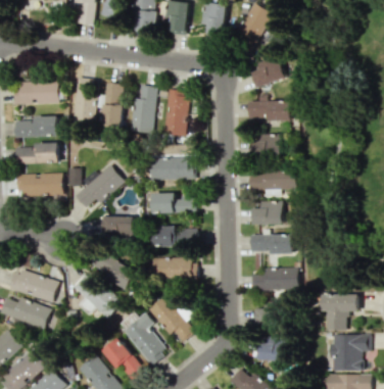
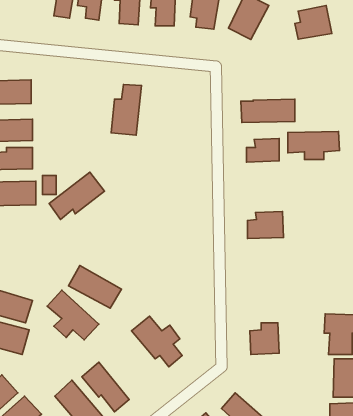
building: [253,55,287,86] -> [295,5,332,39]
building: [73,81,95,126] -> none
building: [103,83,124,126] -> none
building: [164,90,188,136] -> none
building: [149,157,189,182] -> none
building: [249,172,296,197] -> [288,132,340,160]
building: [152,193,196,213] -> none
building: [102,215,132,235] -> none
building: [156,228,196,247] -> none
building: [250,235,294,253] -> none
building: [153,258,196,280] -> none
building: [252,269,298,291] -> none
building: [124,312,167,364] -> none
building: [258,337,291,361] -> none

